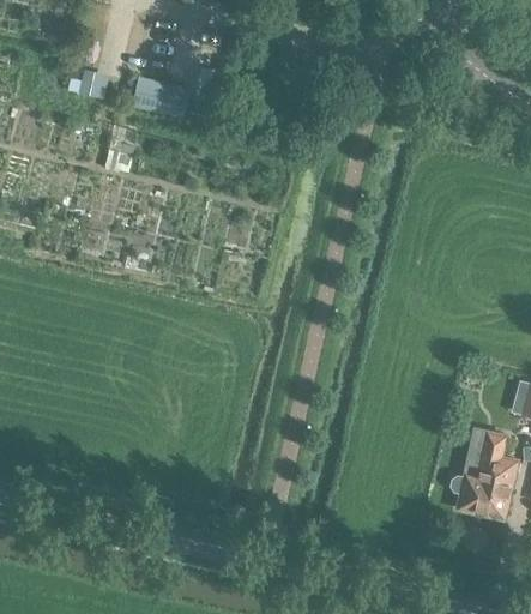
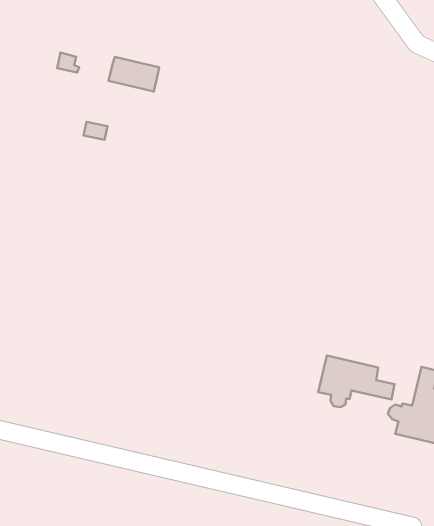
building: none -> [318,356,395,407]

